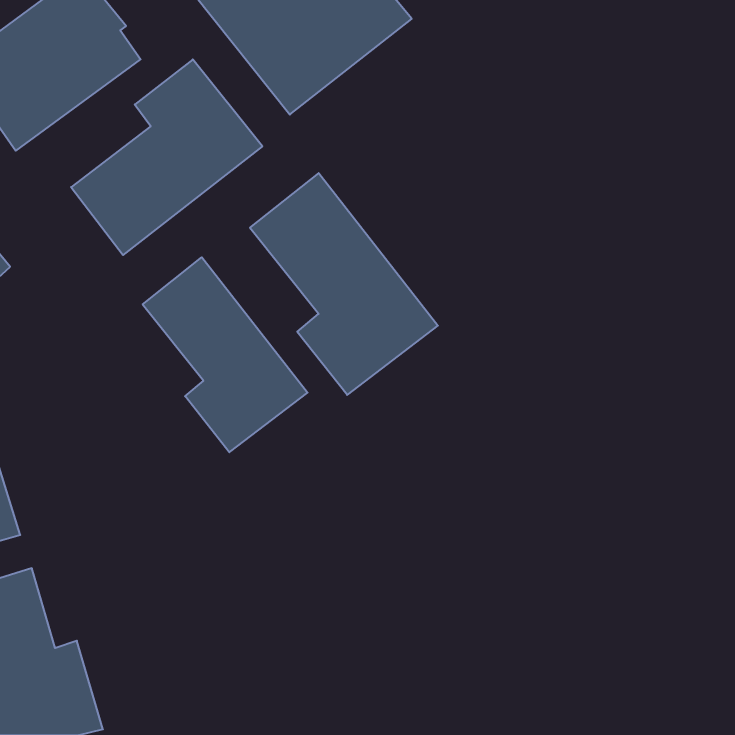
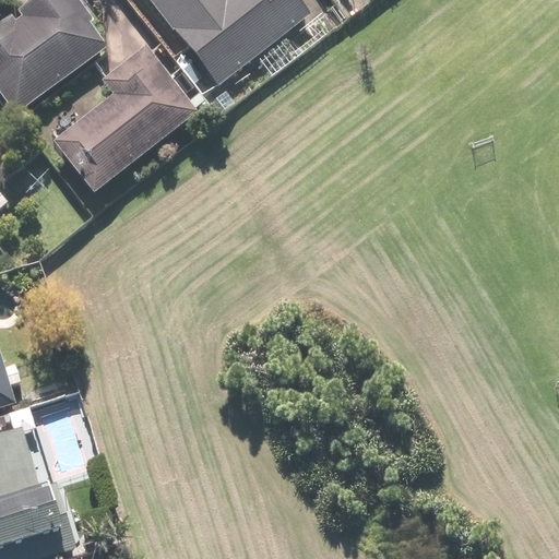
building: [250,173,438,395] -> none
building: [143,257,308,452] -> none

